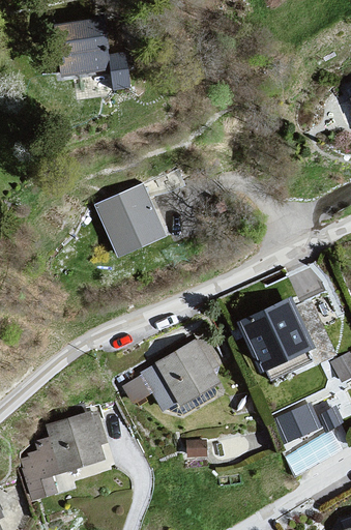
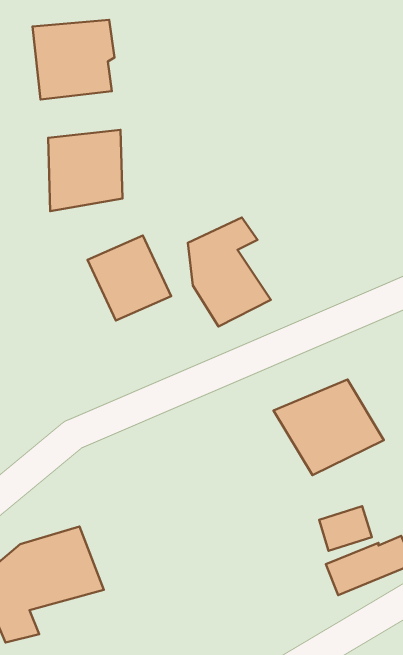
building: none -> [48,130,123,211]
building: none -> [188,218,271,326]
building: [140,338,224,412] -> none

